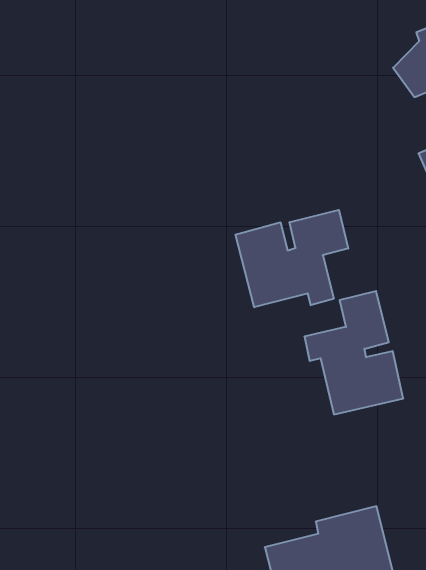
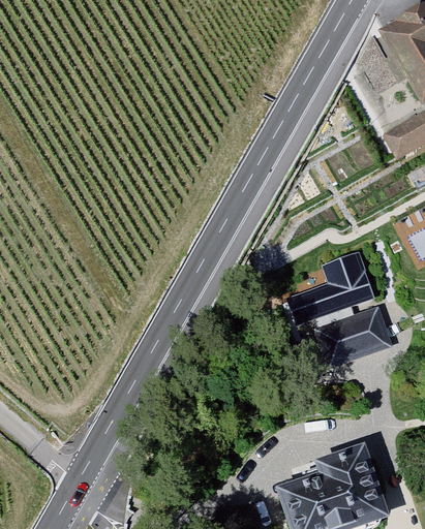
building: [235,210,348,307] -> none

